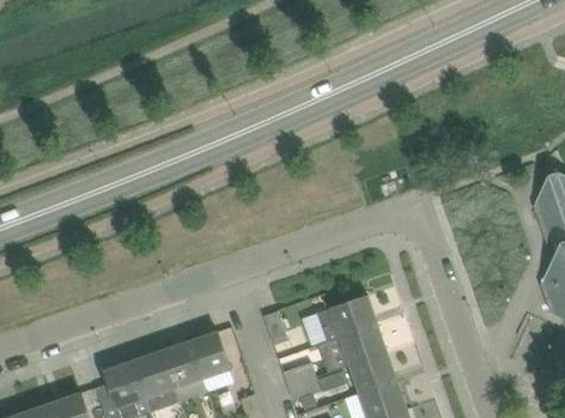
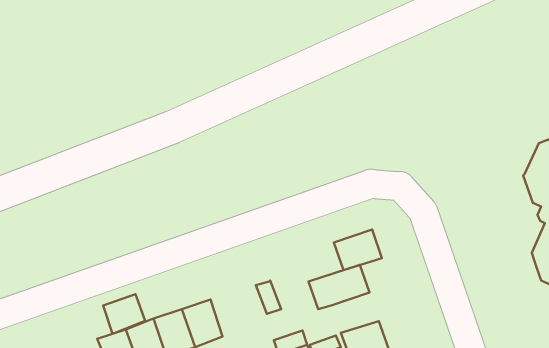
building: [340,323,388,364] -> [334,229,382,270]
building: none -> [103,294,145,334]

